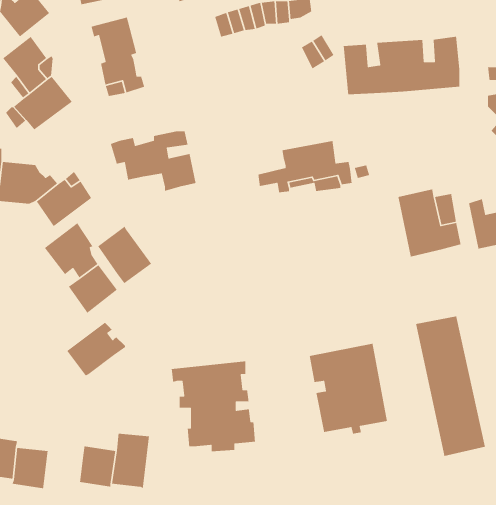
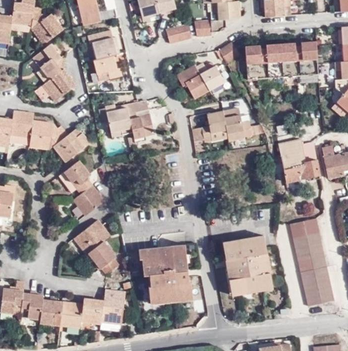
building: none -> [177,62,224,98]
building: [97,226,152,284] -> none
building: none -> [87,242,118,275]
building: none -> [59,301,83,328]

